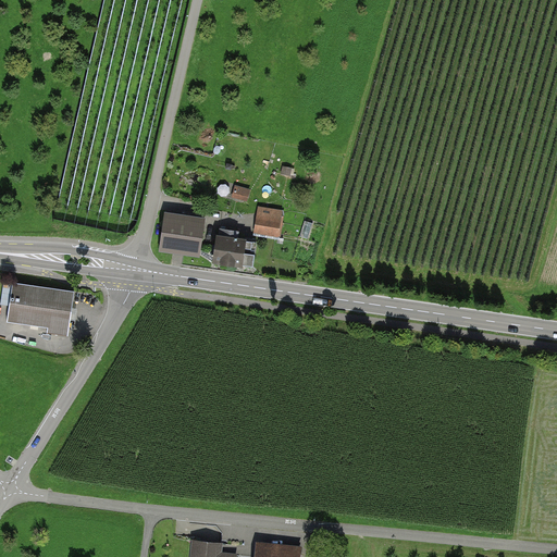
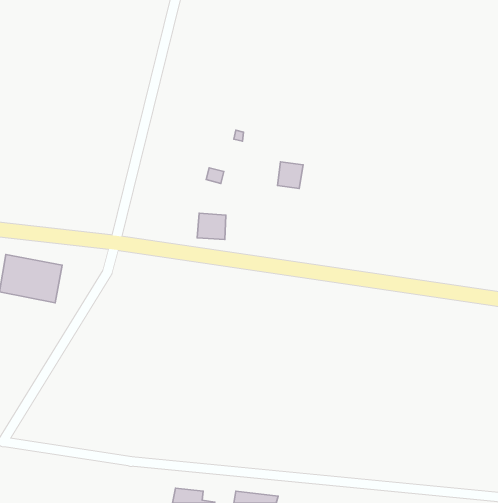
building: [252,207,281,236] -> [278,162,303,189]
building: [160,211,207,256] -> none

